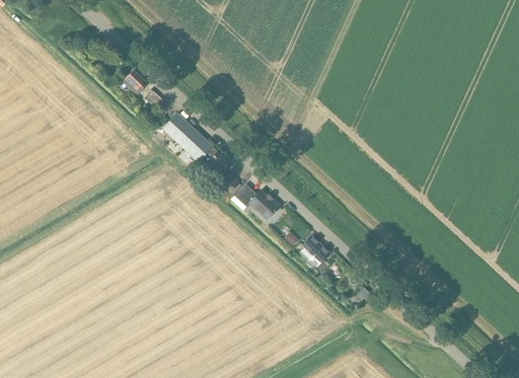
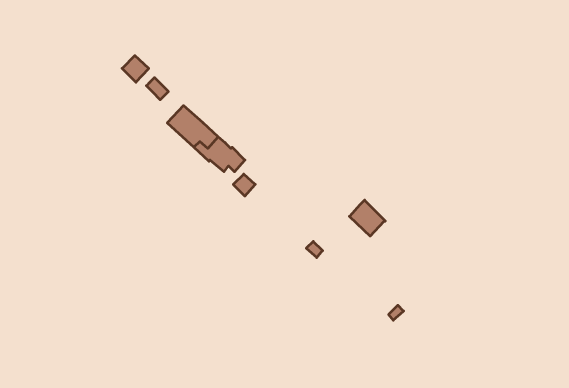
building: [239,187,280,218] -> none
building: [298,234,329,266] -> [349,200,385,236]

